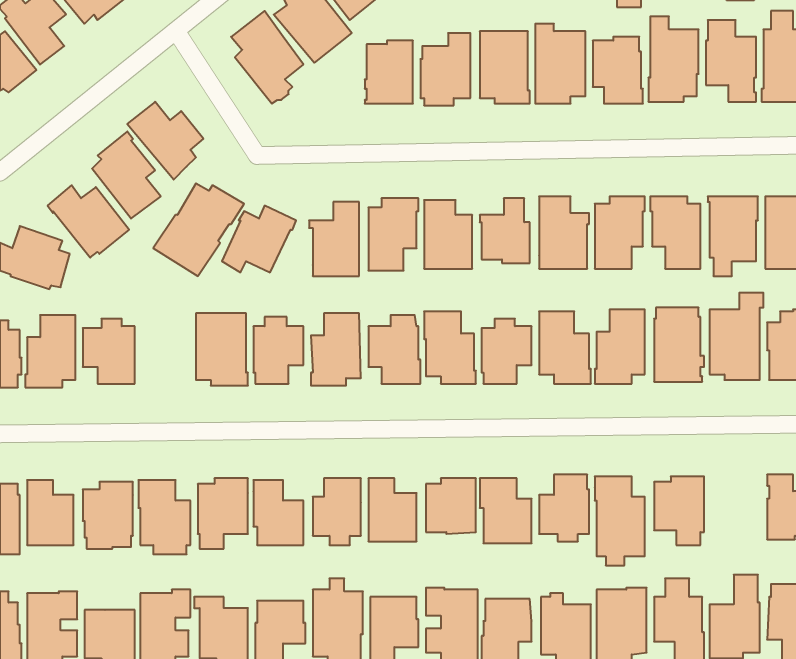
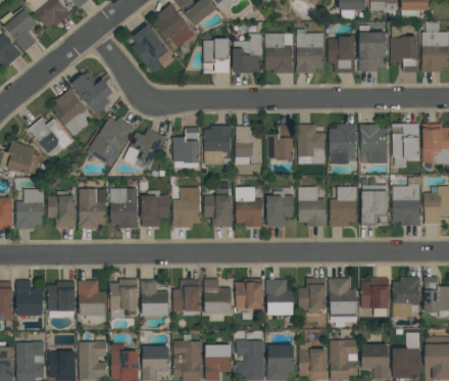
building: none -> [78,189,106,229]
building: none -> [392,277,419,317]

